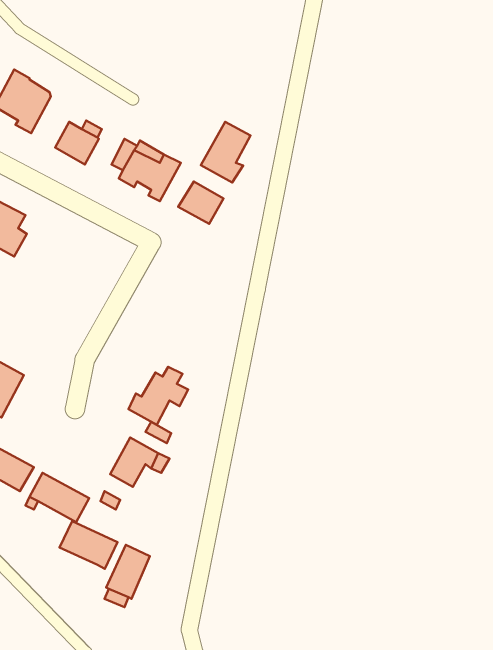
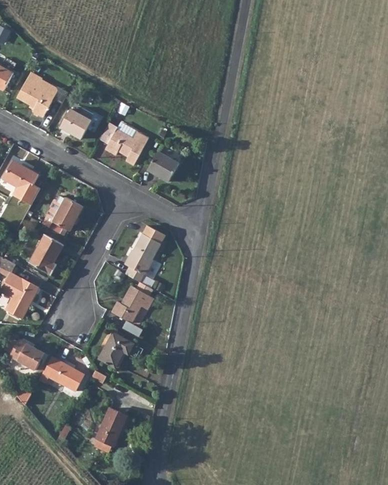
building: [201,122,251,183] -> none
building: none -> [42,196,83,231]
building: none -> [125,225,165,282]
building: none -> [29,234,64,275]
building: [59,521,118,569] -> none

